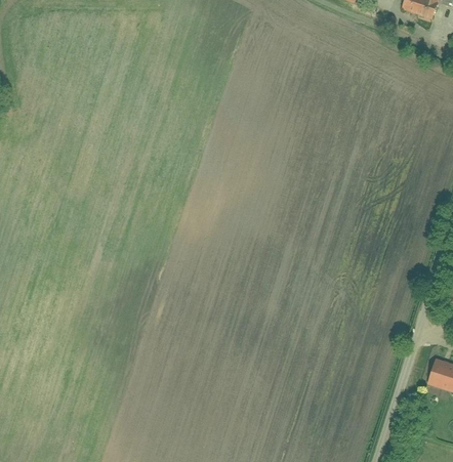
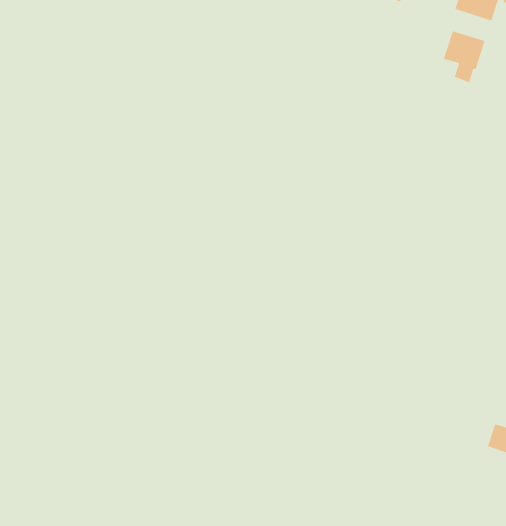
building: none -> [443,30,485,83]

